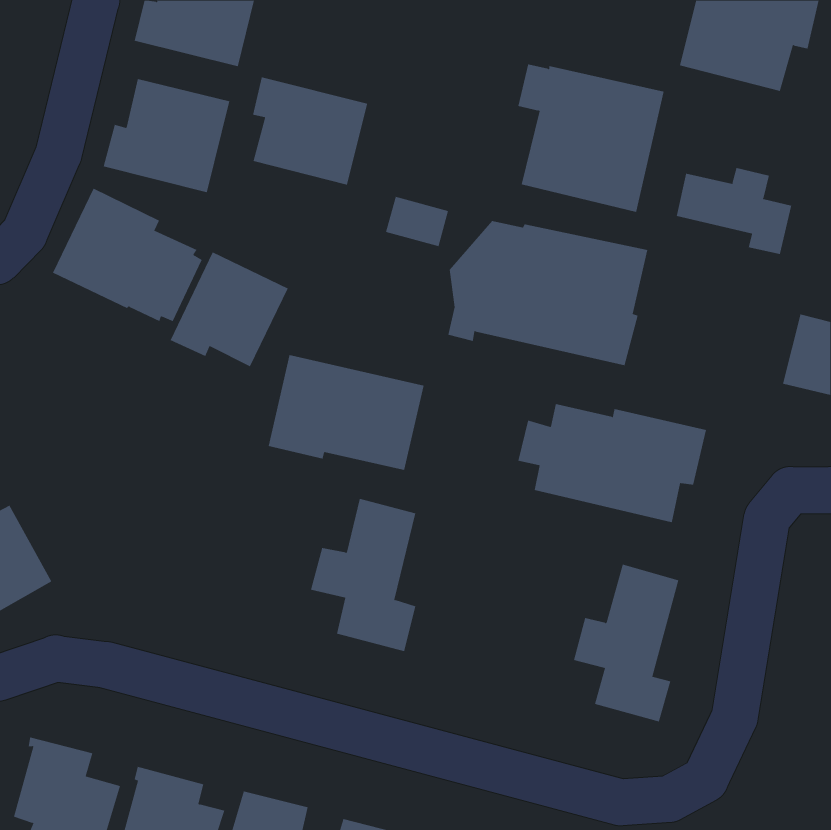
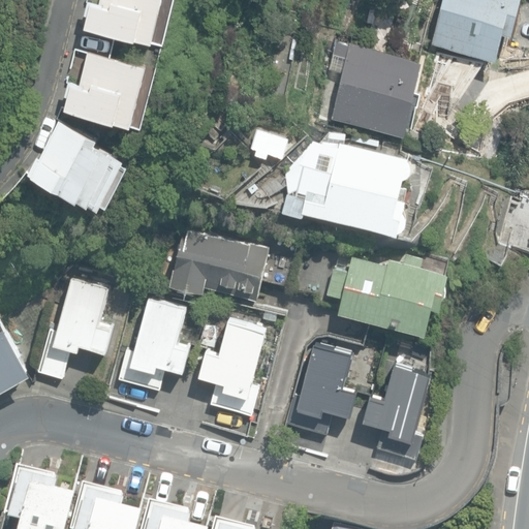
building: [253,77,368,186] -> none
building: [676,167,792,255] -> none
building: [170,251,289,367] -> none
building: none -> [39,277,113,379]
building: none -> [119,297,190,391]
building: none -> [287,343,357,434]

